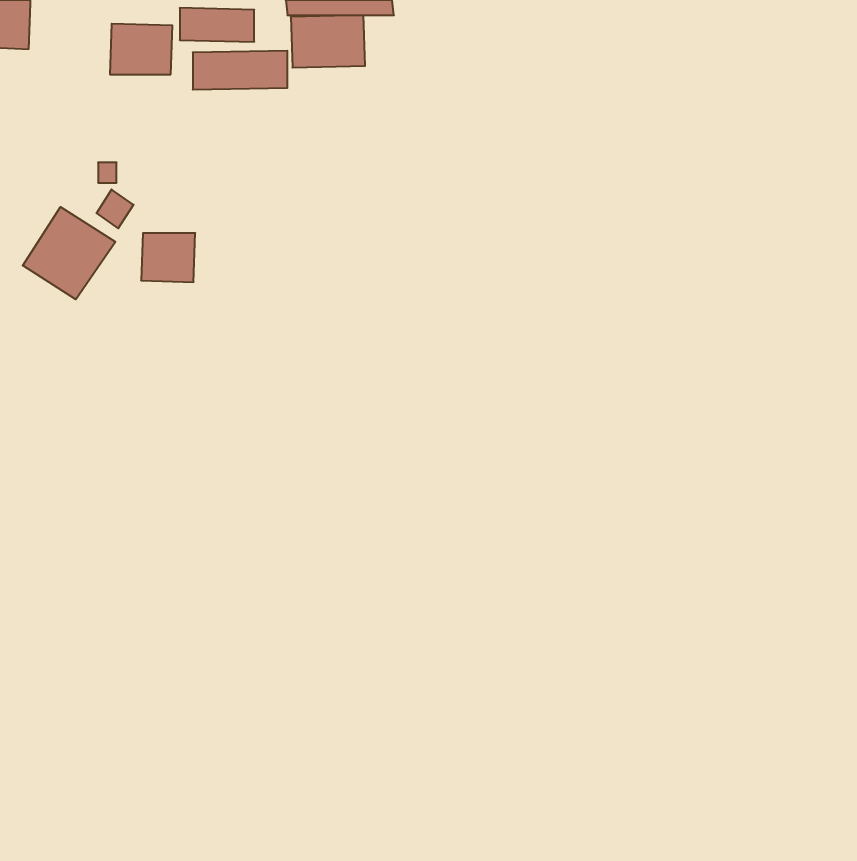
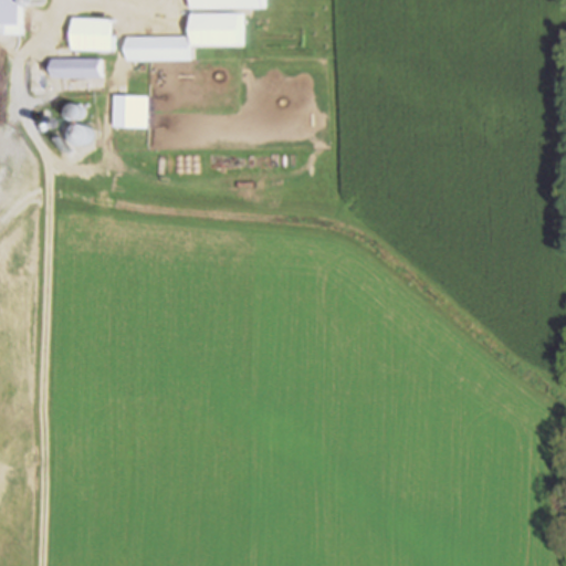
building: [180,8,254,42] -> [50,56,98,78]
building: [23,207,115,299] -> none
building: [141,233,195,282] -> [112,96,147,128]

